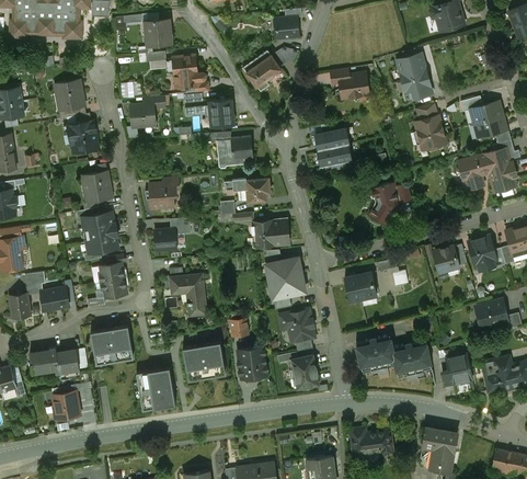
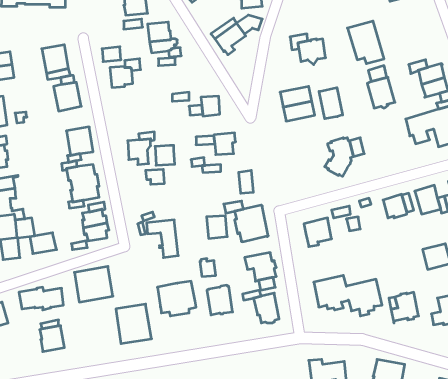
building: [194,100,233,127] -> none
building: none -> [319,88,343,119]
building: [252,221,275,247] -> [207,216,227,238]
building: [154,229,176,251] -> [155,145,175,165]

